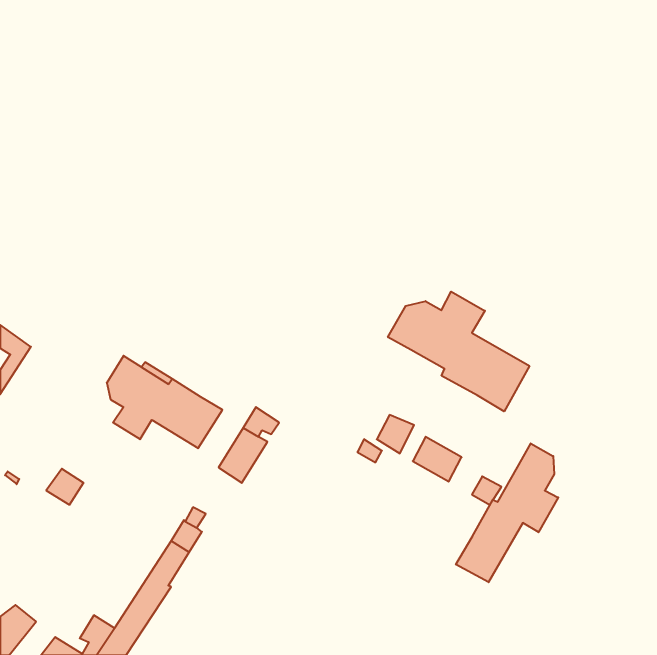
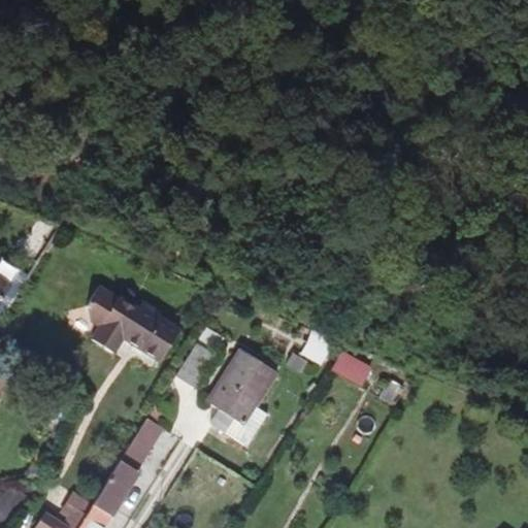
building: [388,292,529,411] -> none
building: none -> [206,349,277,446]
building: [456,443,558,582] -> none

